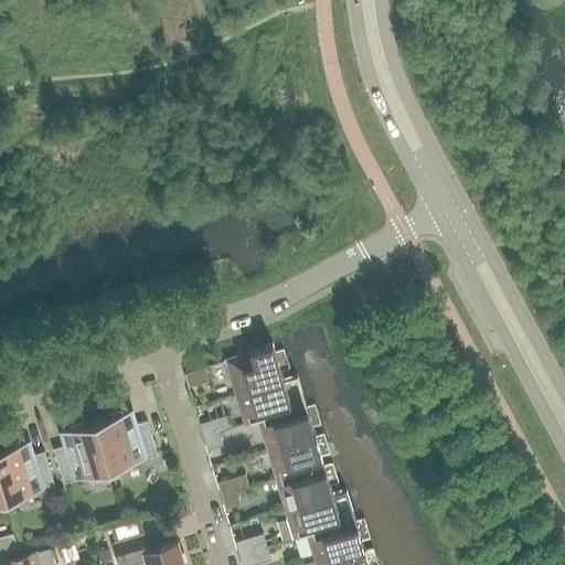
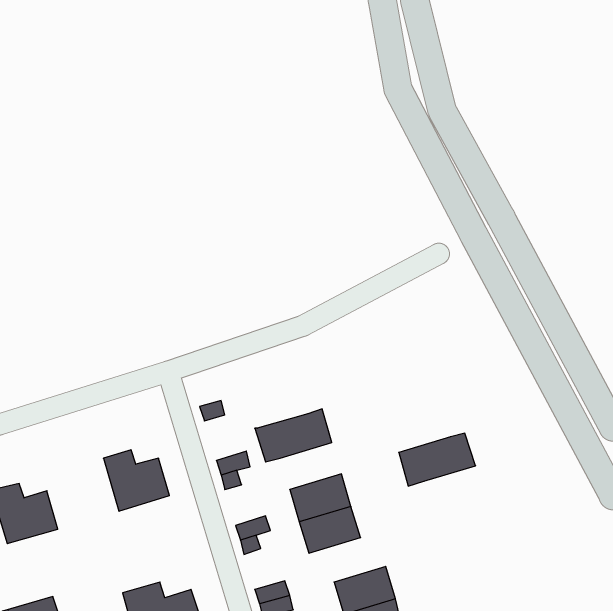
building: [226,347,282,396] -> none
building: [257,409,313,452] -> none
building: [52,424,109,486] -> none
building: [284,493,354,542] -> [399,433,476,486]

